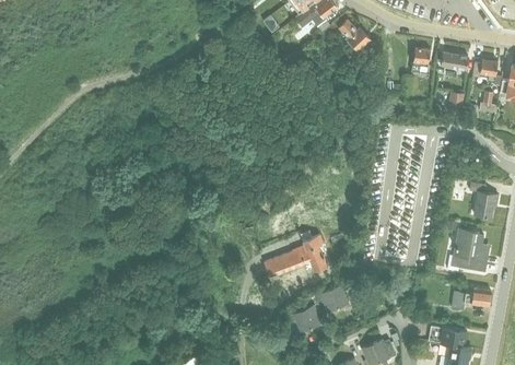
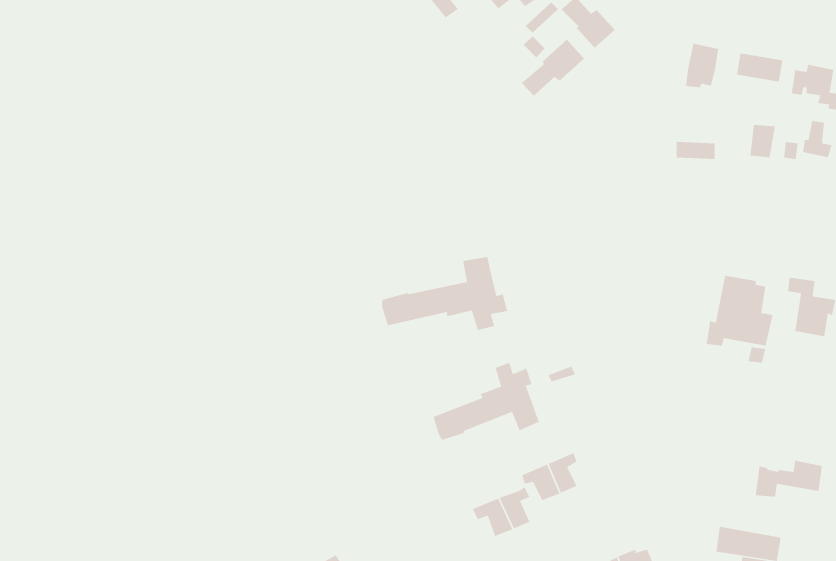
building: none -> [521,39,585,97]
building: none -> [381,256,508,331]
building: [448,227,488,269] -> [706,275,774,346]

